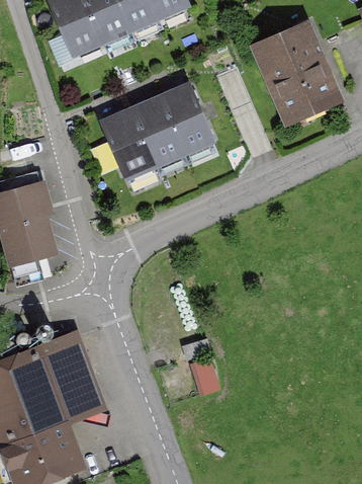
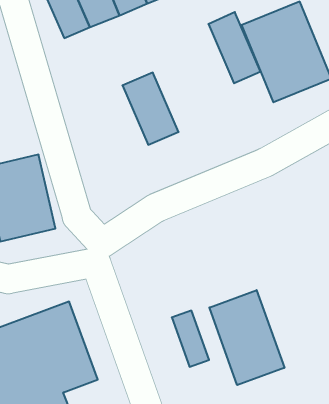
building: [162,82,215,155] -> [208,12,261,83]
building: [102,107,157,180] -> none
building: none -> [209,290,284,385]

